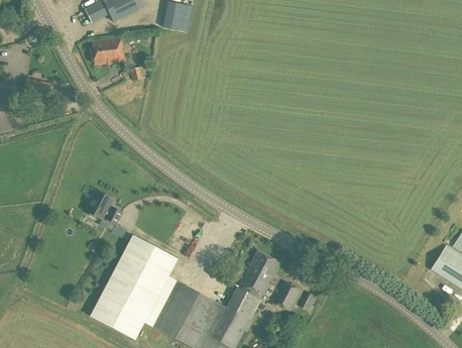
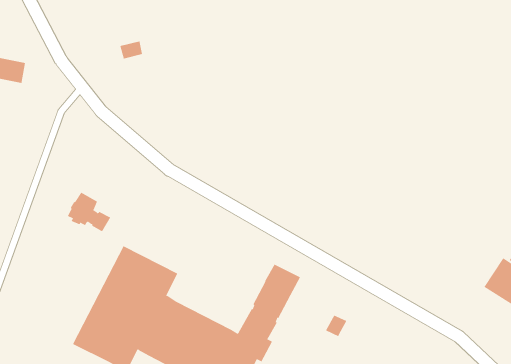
building: [92,37,124,65] -> none
building: [272,280,300,311] -> none

